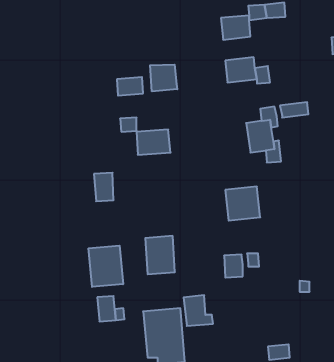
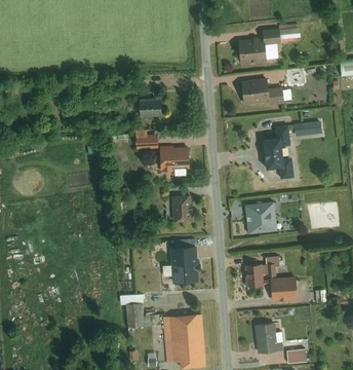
building: [150,65,177,91] -> none
building: [94,173,114,201] -> [173,195,192,222]
building: [89,246,123,287] -> none
building: none -> [267,276,295,299]
building: [184,295,213,326] -> [252,323,280,351]

